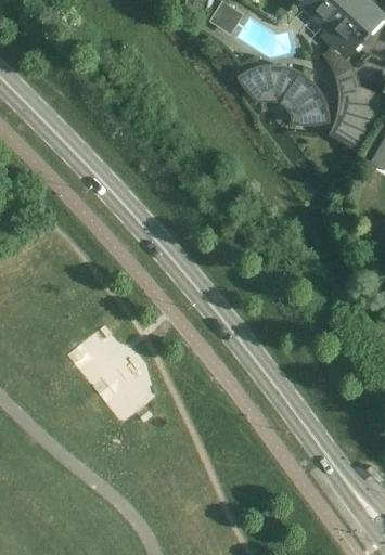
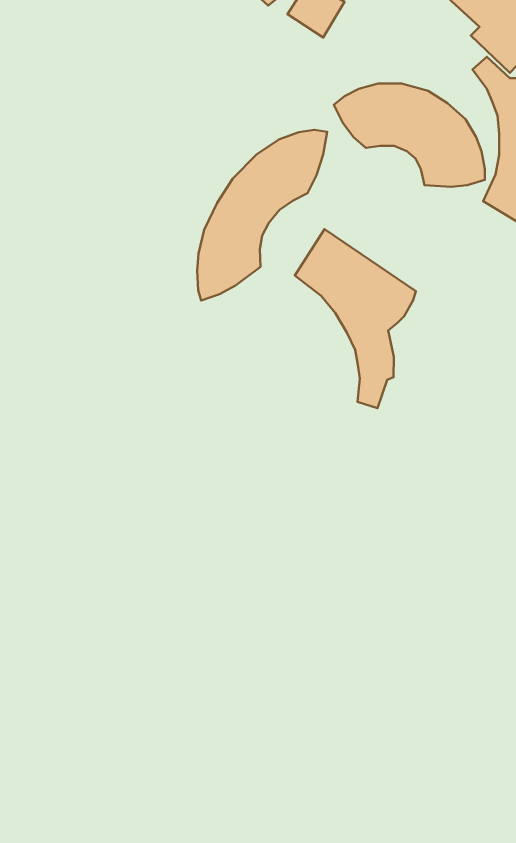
building: none -> [197,130,327,300]
building: none -> [295,229,416,408]

